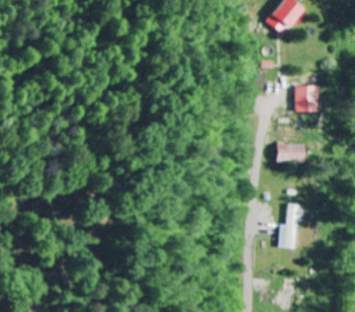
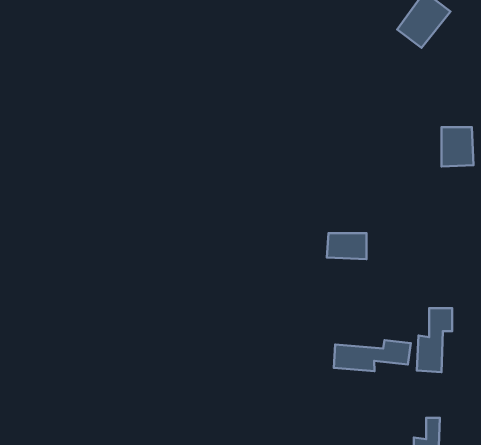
building: [277,144,303,161] -> [327,233,366,259]
building: none -> [334,340,411,371]

